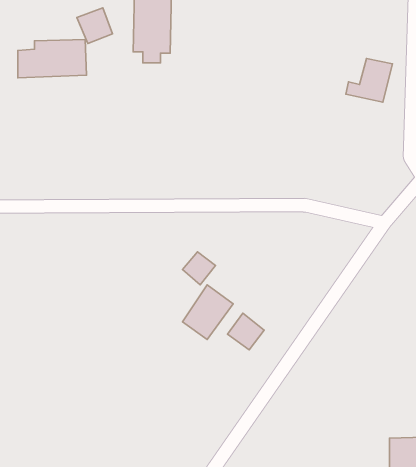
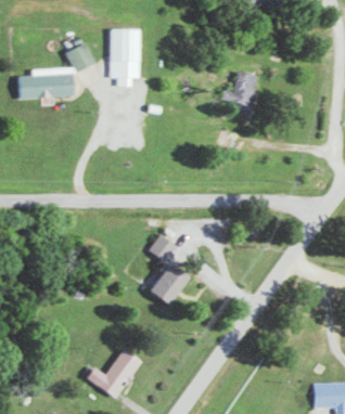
building: [346,58,392,102] -> [220,72,257,106]
building: [228,313,264,350] -> none
building: none -> [86,349,141,399]

